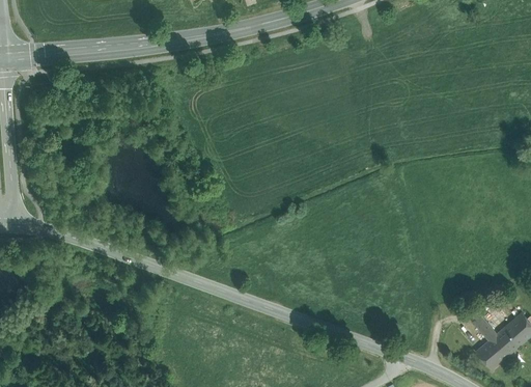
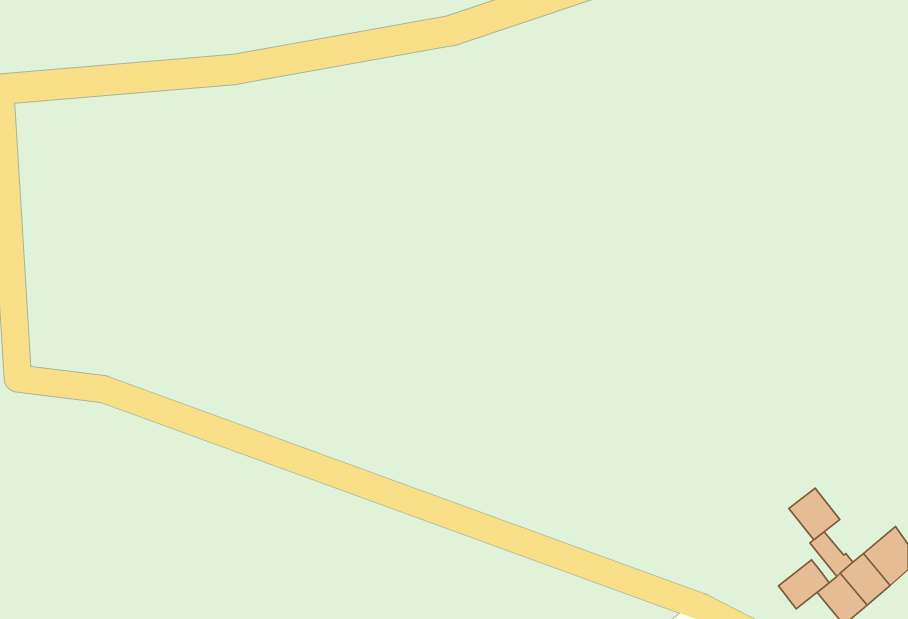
building: none -> [789,488,840,540]
building: none -> [779,560,829,609]

